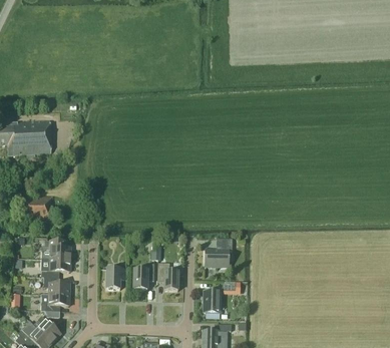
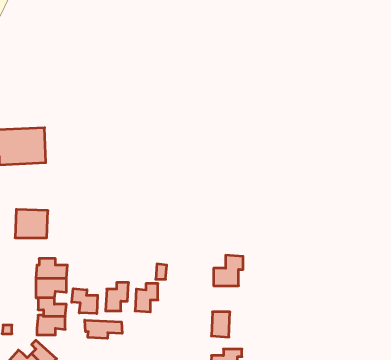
building: [157,263,178,290] -> none
building: none -> [72,289,98,314]
building: none -> [85,320,122,338]

